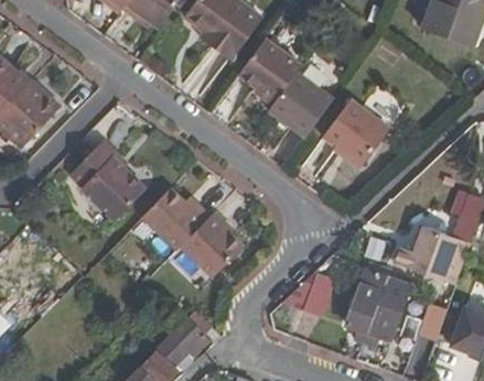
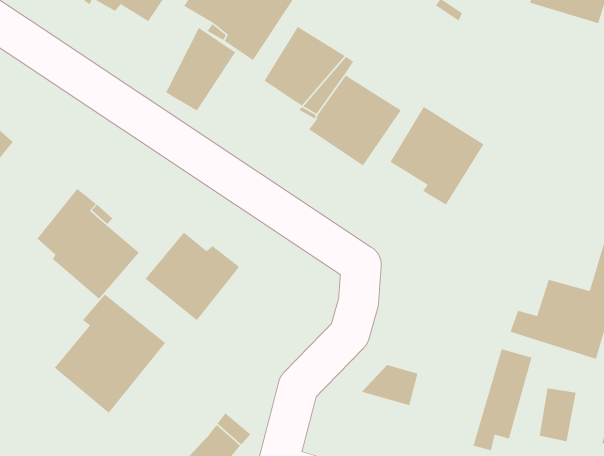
building: none -> [165,27,236,112]
building: [181,204,241,269] -> none
building: none -> [54,293,166,414]
building: [351,265,391,341] -> none

